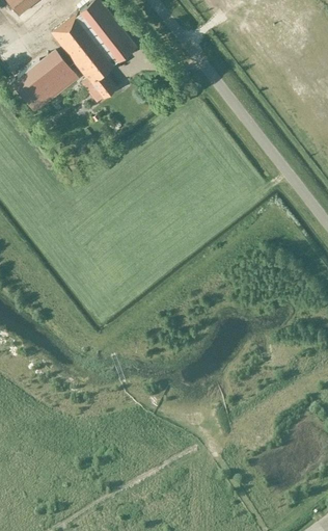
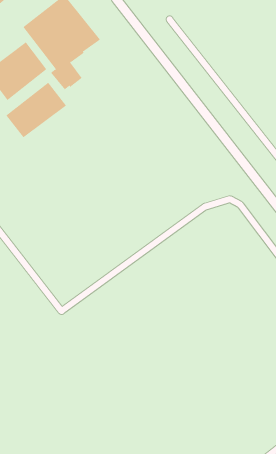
building: none -> [6,82,67,138]

